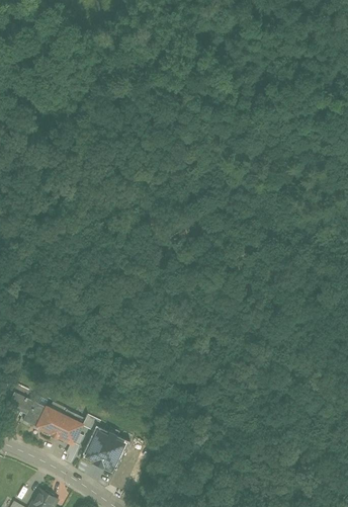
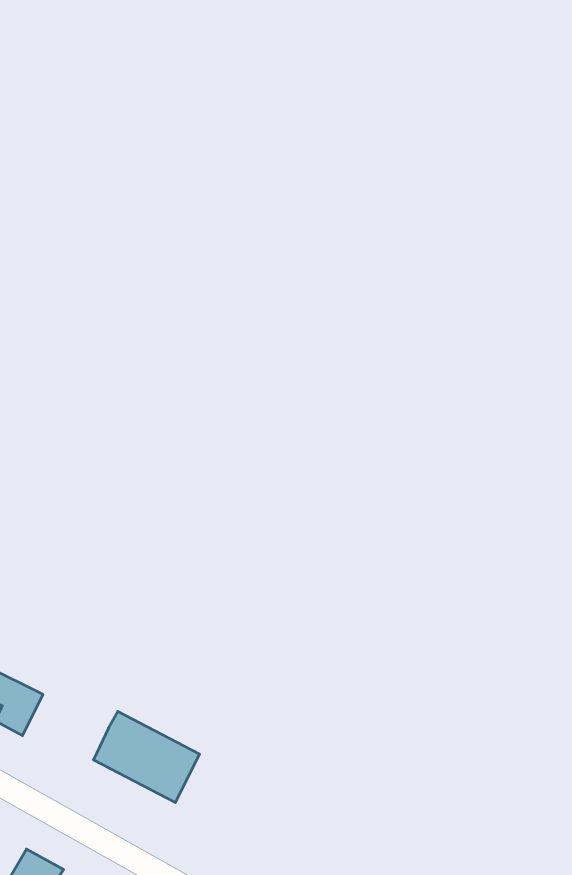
building: [34,405,81,445] -> none

